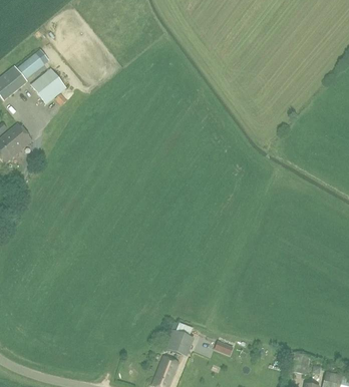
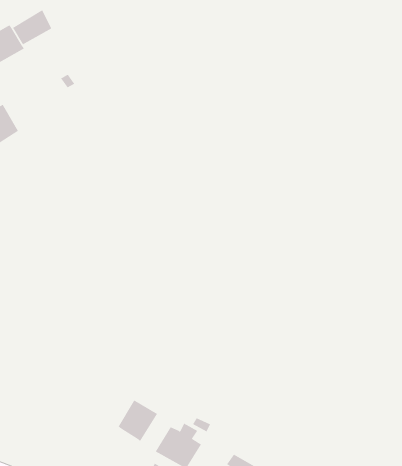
building: [31,68,65,102] -> none
building: none -> [118,400,158,442]

